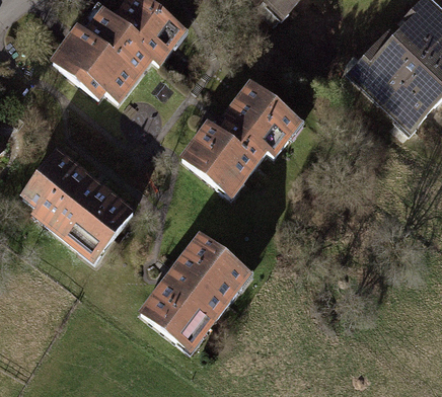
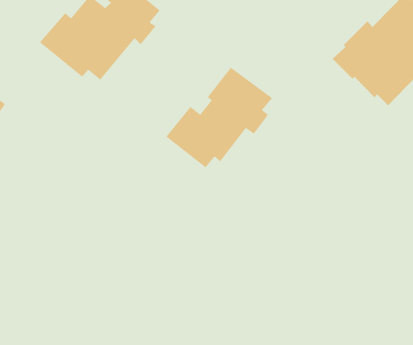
building: [23,155,132,253] -> none
building: [140,236,242,344] -> none

